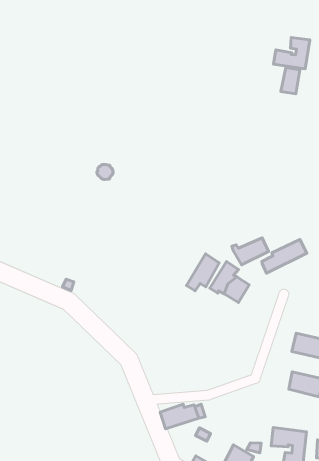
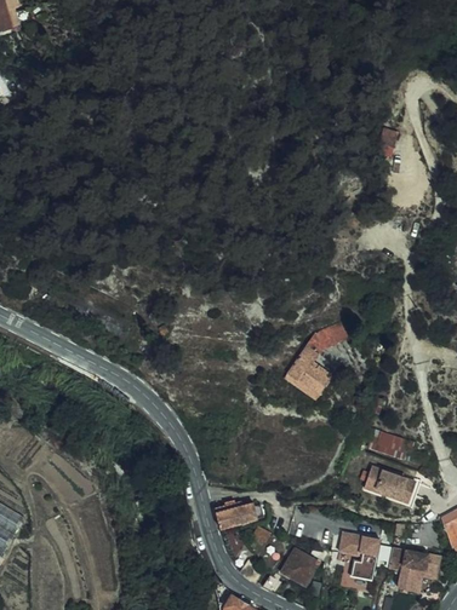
building: [274,38,310,69] -> none
building: [262,239,307,273] -> none
building: [186,254,219,291] -> none

